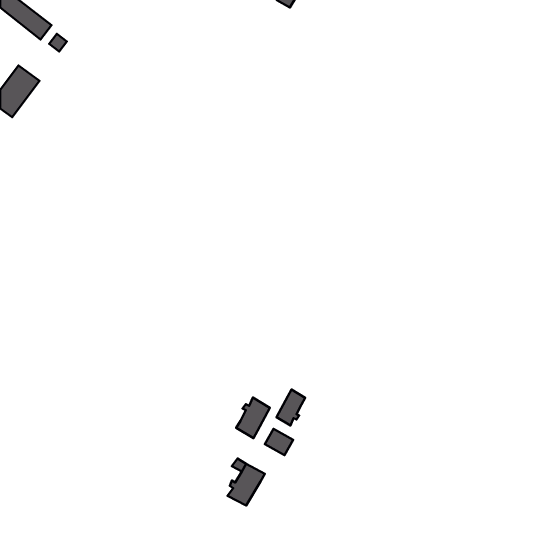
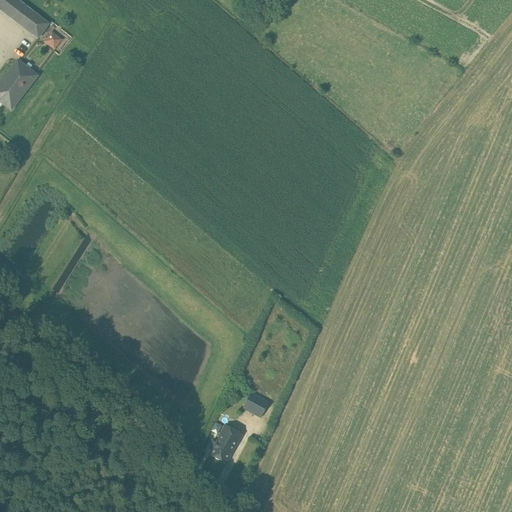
building: [276,390,305,426] -> none
building: [236,398,270,438] -> none

